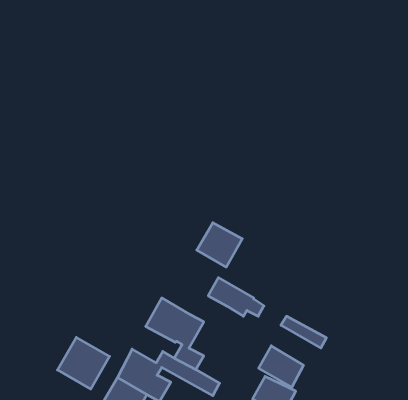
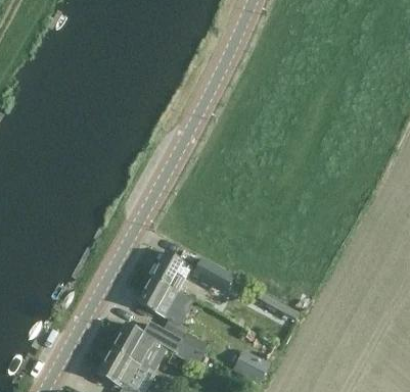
building: [197,223,242,267] -> [152,252,193,292]
building: [57,337,110,389] -> none
building: [259,346,303,387] -> none

